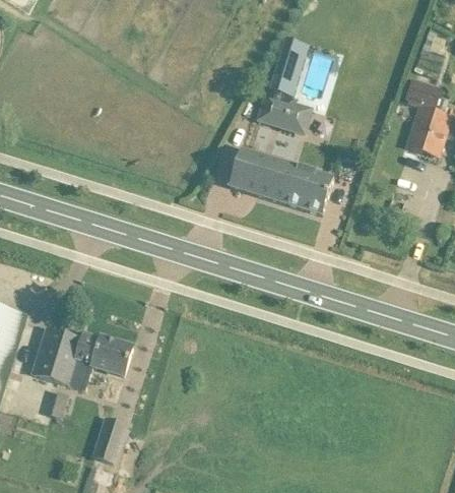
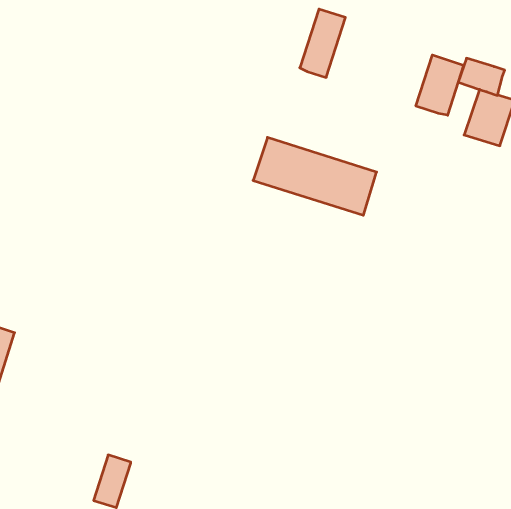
building: none -> [416,55,463,115]
building: [257,97,305,132] -> none
building: [34,328,132,389] -> none

